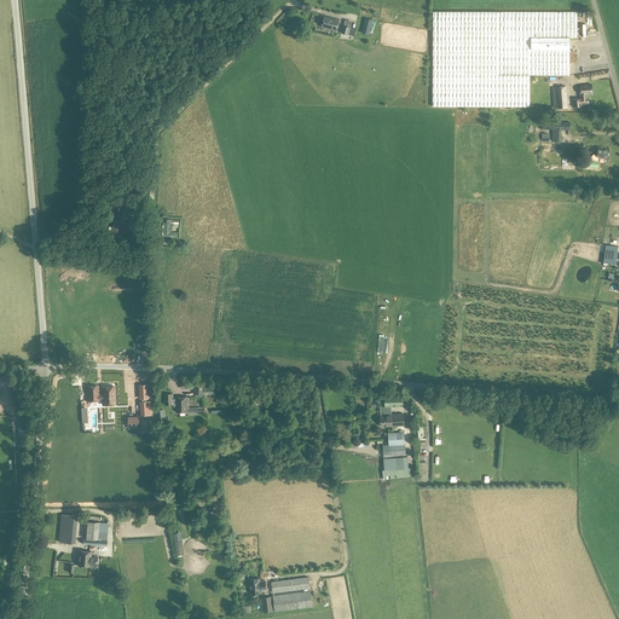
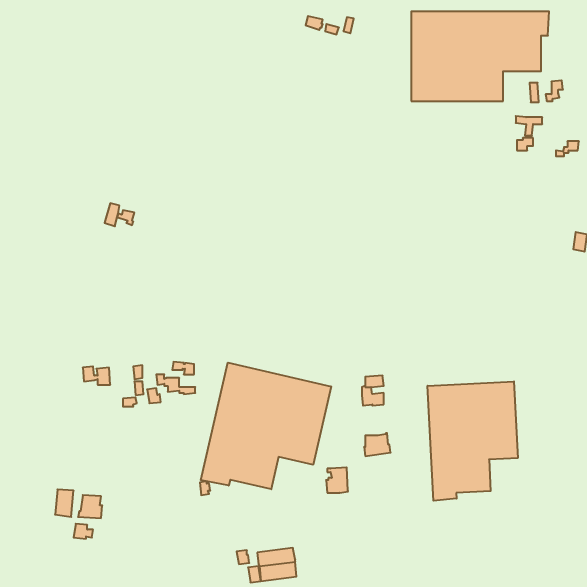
building: none -> [201,363,331,489]
building: none -> [428,381,518,501]
building: [383,432,406,458] -> [326,467,348,493]

